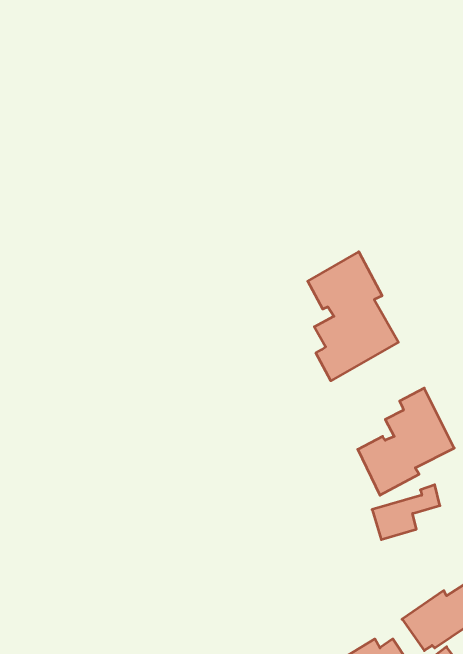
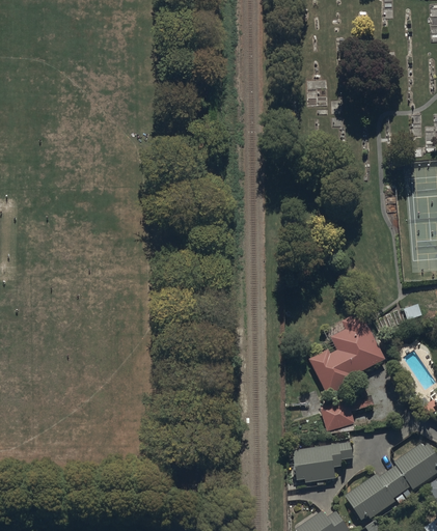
building: [308,252,398,381] -> none
building: none -> [293,442,354,485]

